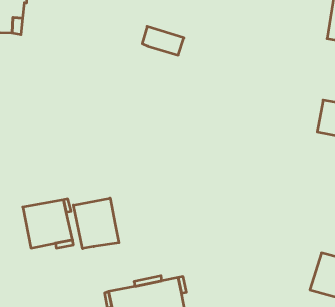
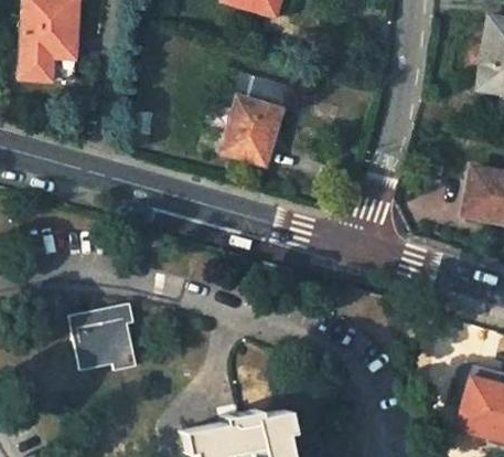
building: none -> [221,98,278,163]
building: [73,198,119,249] -> none

